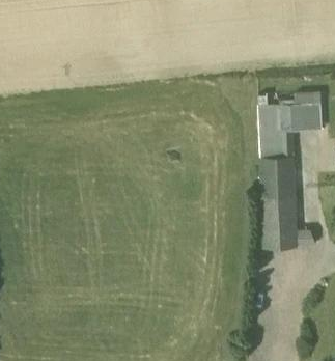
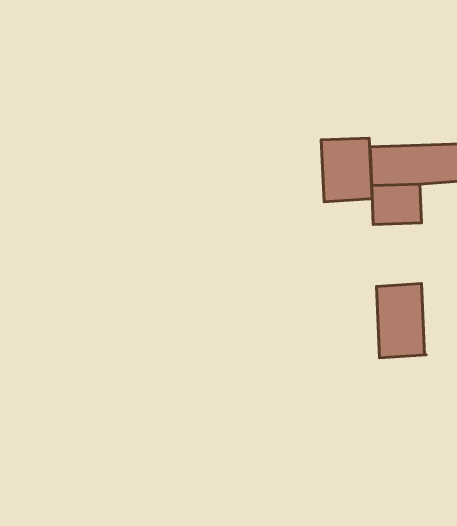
building: [261,157,296,199] -> [321,138,372,202]

